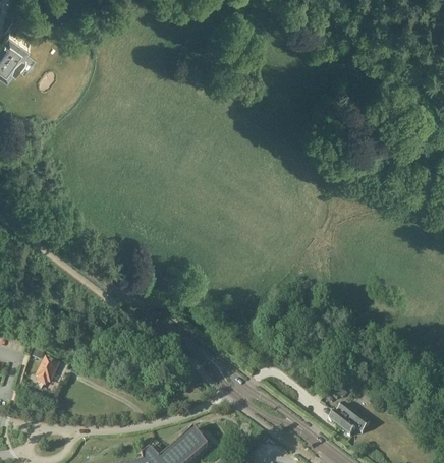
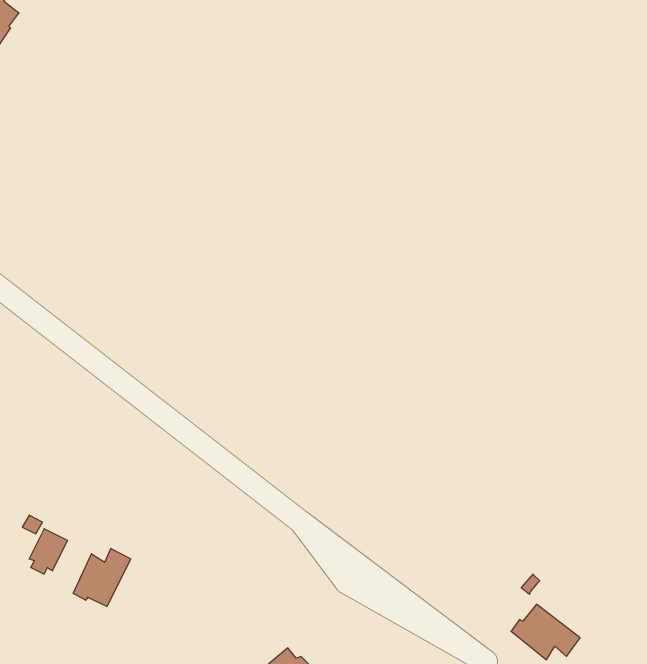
building: none -> [73,548,131,607]

